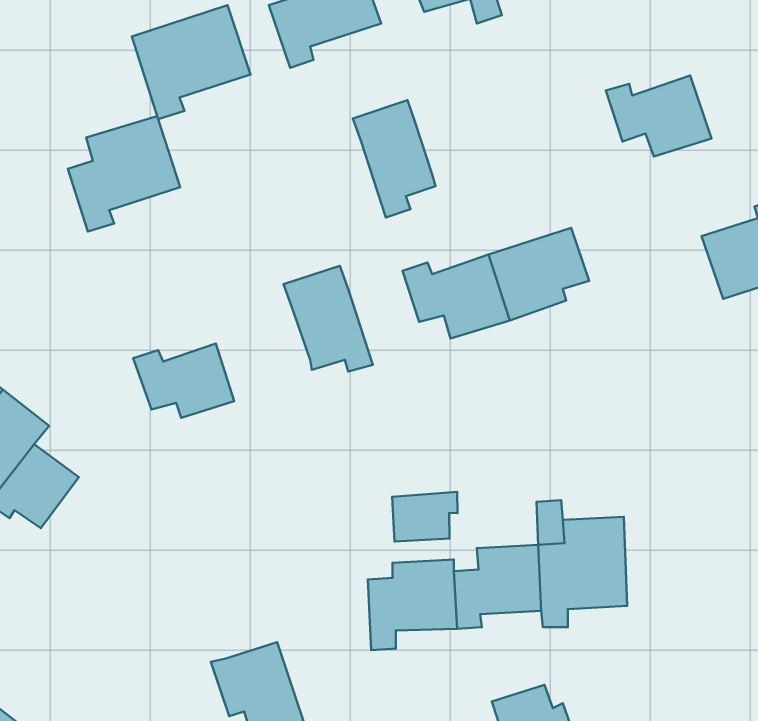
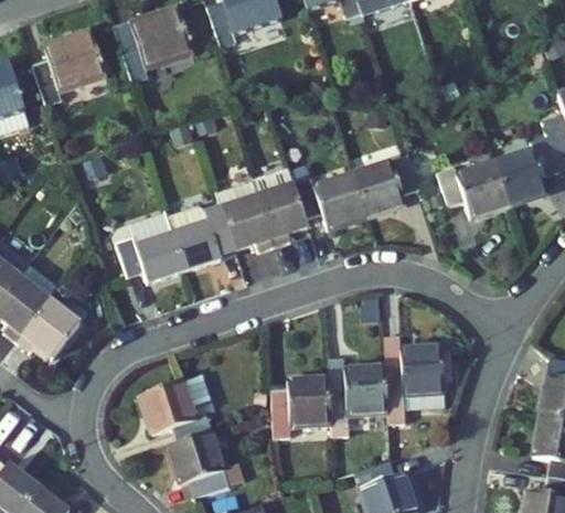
building: [606,76,712,156] -> [438,161,509,215]
building: [353,100,435,217] -> [253,169,308,247]
building: [68,116,180,232] -> [32,29,107,106]
building: none -> [170,209,233,271]
building: [392,492,458,542] -> none
building: none -> [140,372,211,443]

